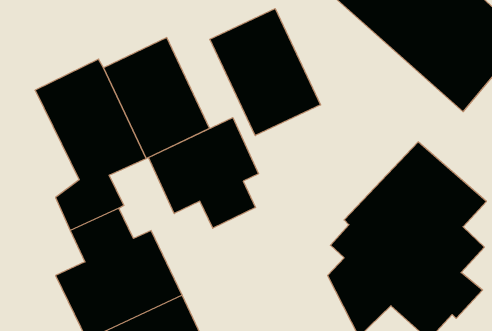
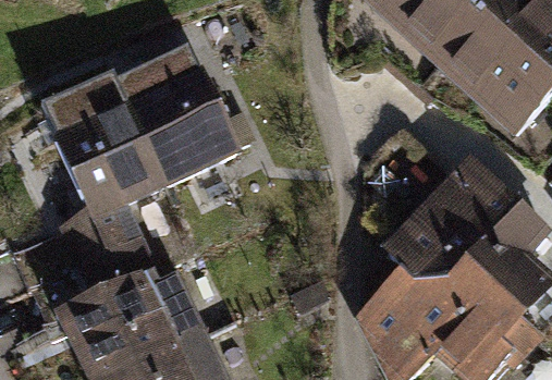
building: [210,9,321,136] -> none
building: [149,118,258,228] -> none

